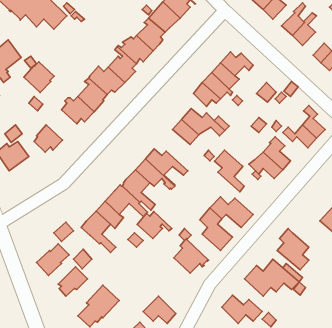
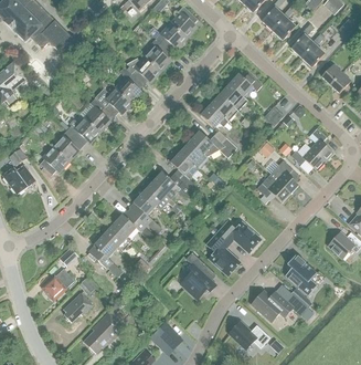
building: [24,62,54,92] -> [51,132,82,163]
building: [215,150,244,192] -> [169,152,199,194]
building: [137,212,172,239] -> none

